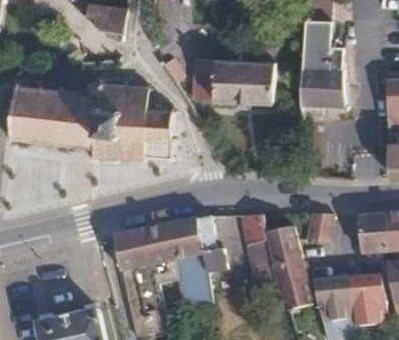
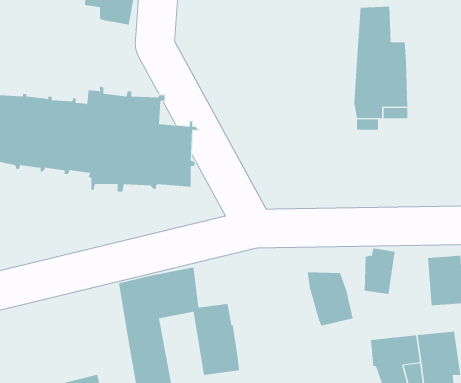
building: [191,60,273,102] -> none
building: [238,210,272,269] -> none
building: [173,216,224,269] -> none
building: [274,264,309,309] -> none

